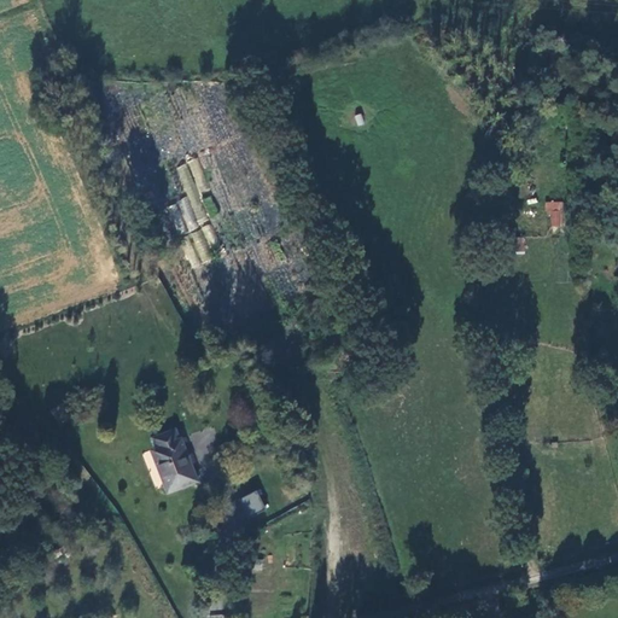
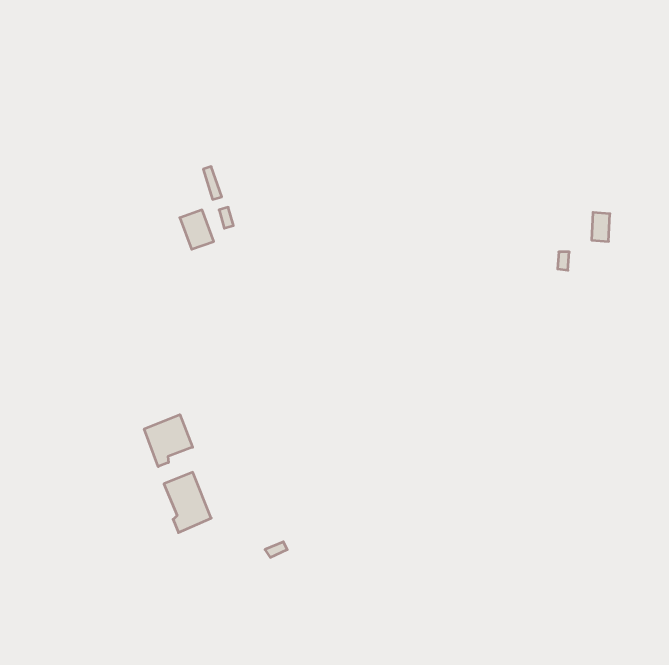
building: none -> [144,415,193,467]

